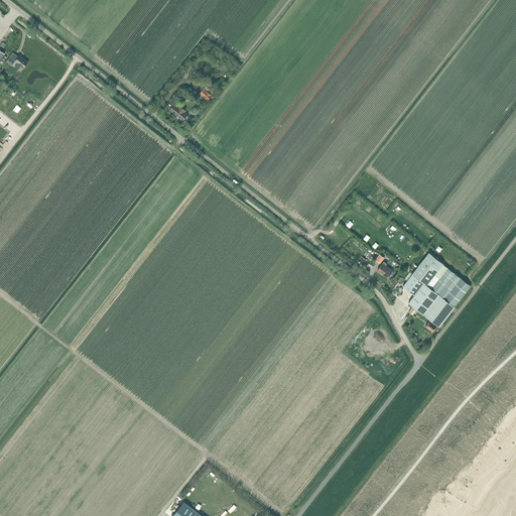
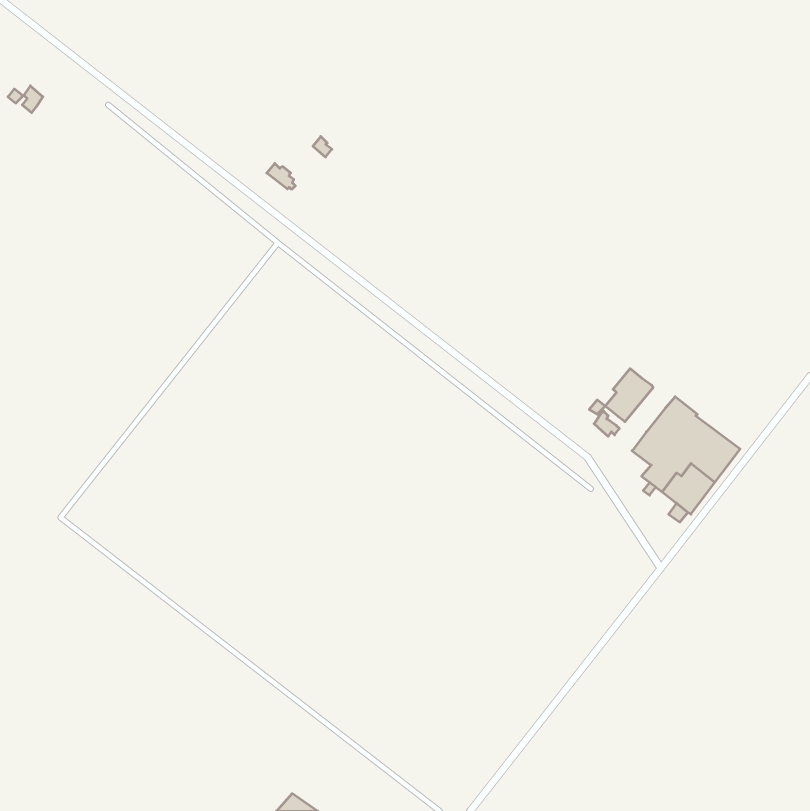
building: none -> [605,369,653,422]

